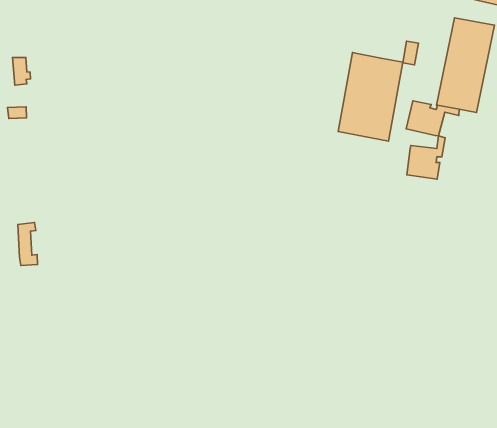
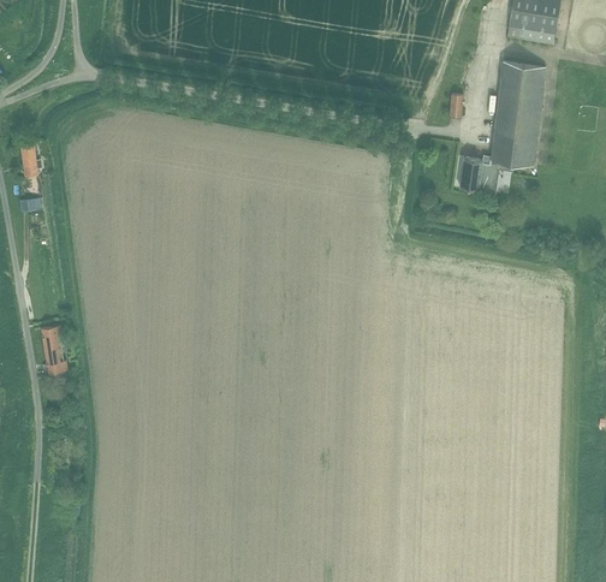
building: [338,52,403,141] -> none
building: [407,136,445,179] -> none

